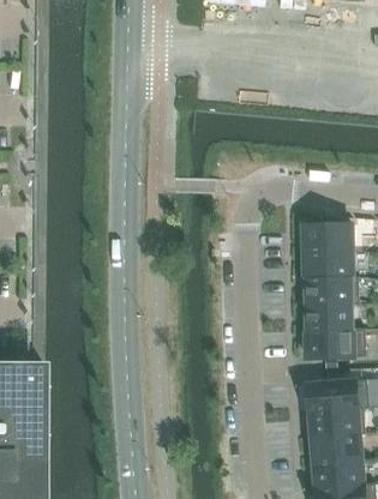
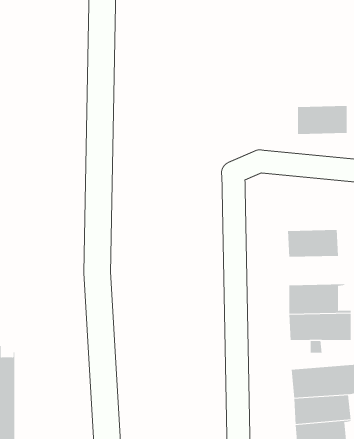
building: [304,224,352,252] -> [297,106,347,135]
building: [305,276,359,303] -> none

